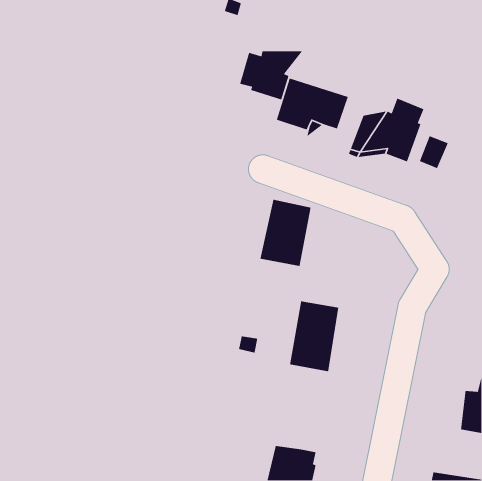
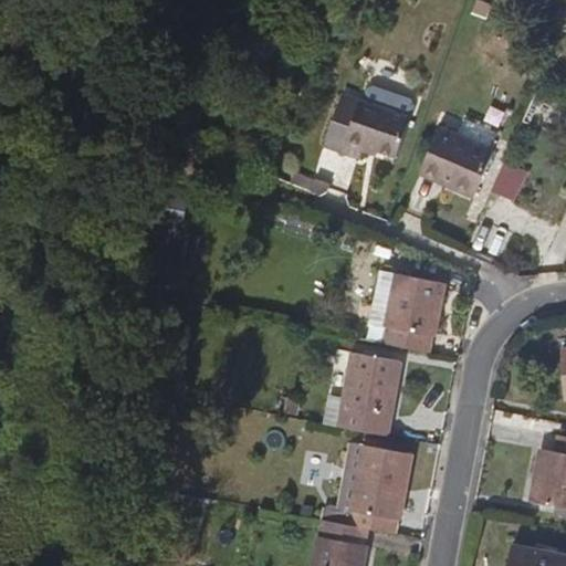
building: [239,51,303,101] -> none
building: [260,199,311,267] -> [381,275,442,355]
building: none -> [353,443,412,533]

